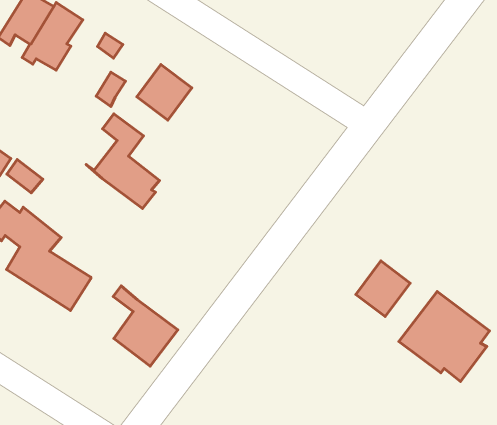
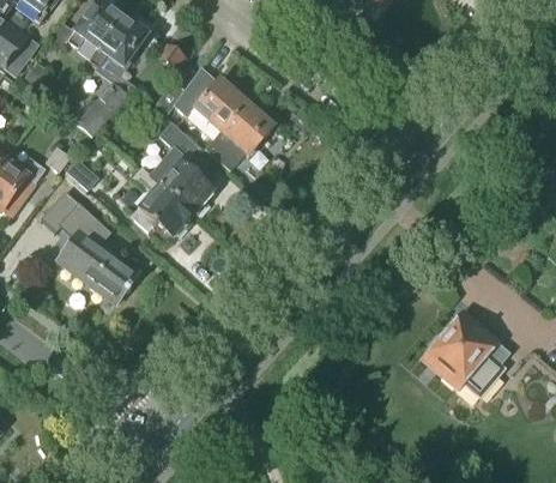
building: none -> [77,81,128,137]
building: none -> [205,102,274,171]
building: [356,261,410,316] -> none
building: [113,286,178,366] -> [131,167,192,244]

